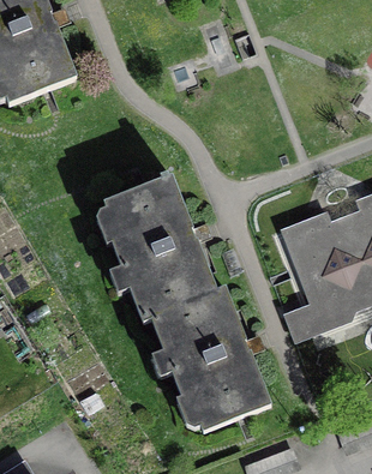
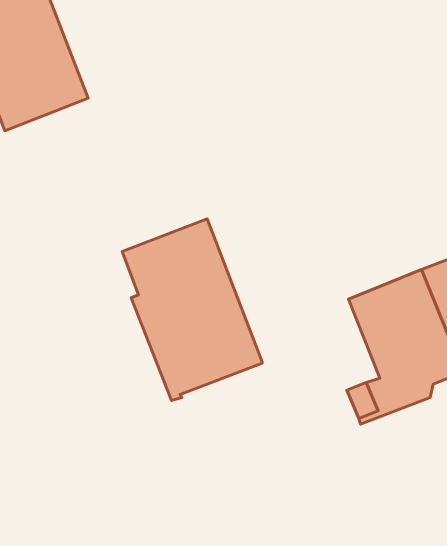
building: [149,289,269,433] -> none

